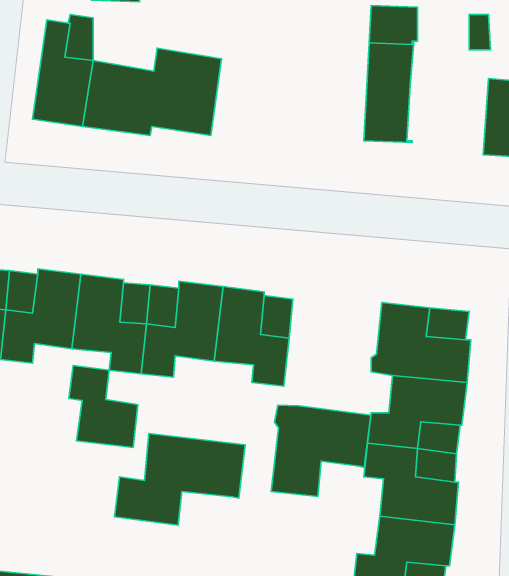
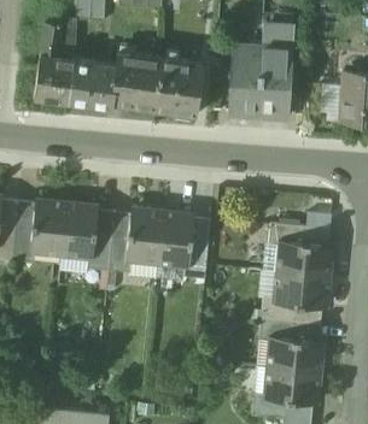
building: none -> [226,42,262,113]
building: none -> [154,58,201,116]
building: [69,365,138,447] -> none
building: [271,405,371,496] -> none
building: [114,434,245,525] -> none

